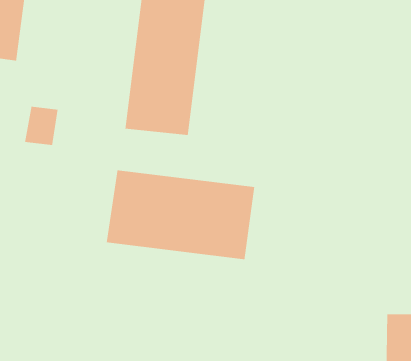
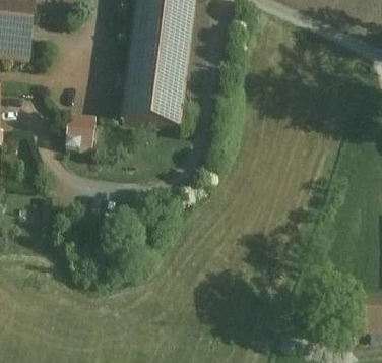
building: [24,106,58,146] -> [63,113,93,148]
building: [106,169,255,260] -> none

